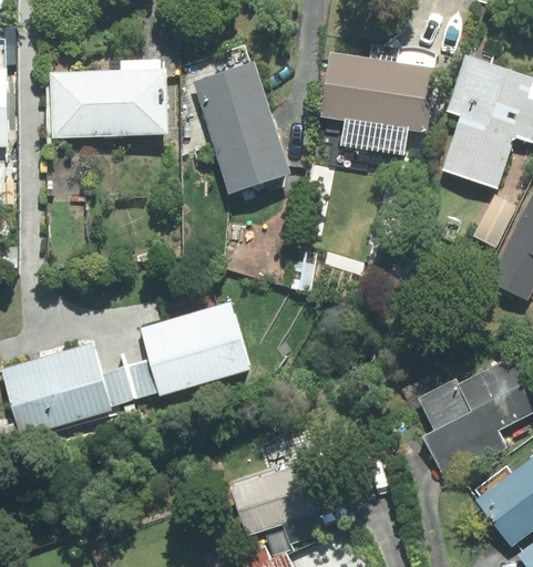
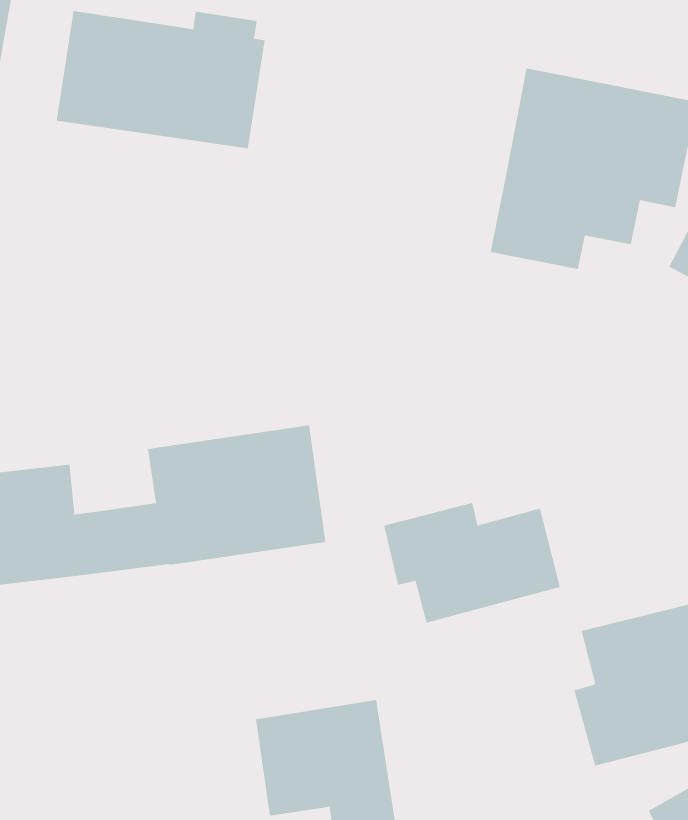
building: [184,50,295,197] -> none
building: none -> [383,502,561,623]

